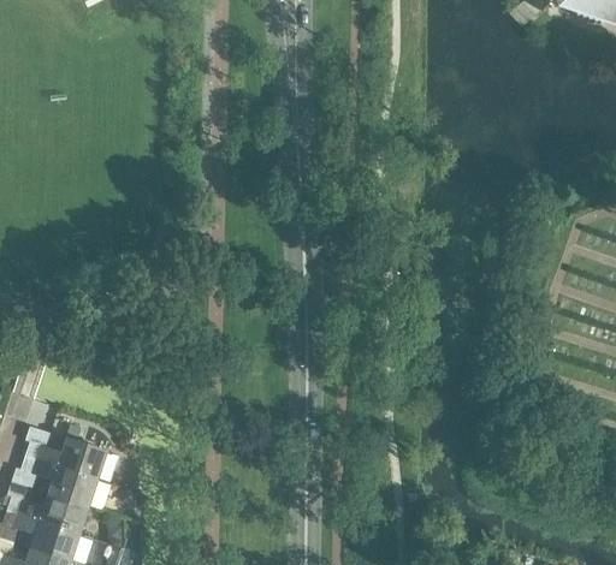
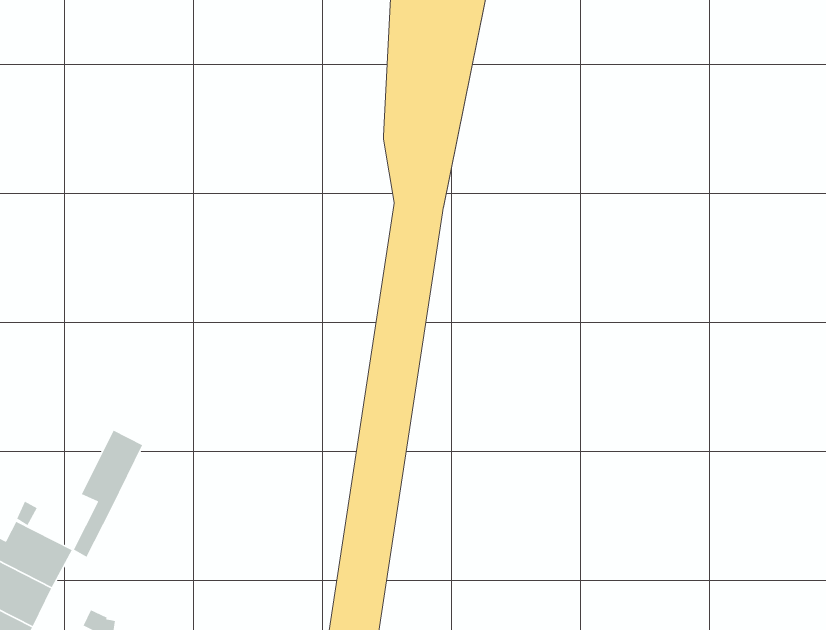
building: none -> [73,429,143,558]

